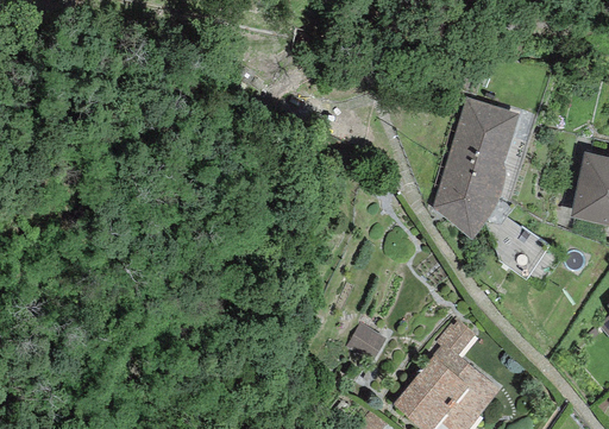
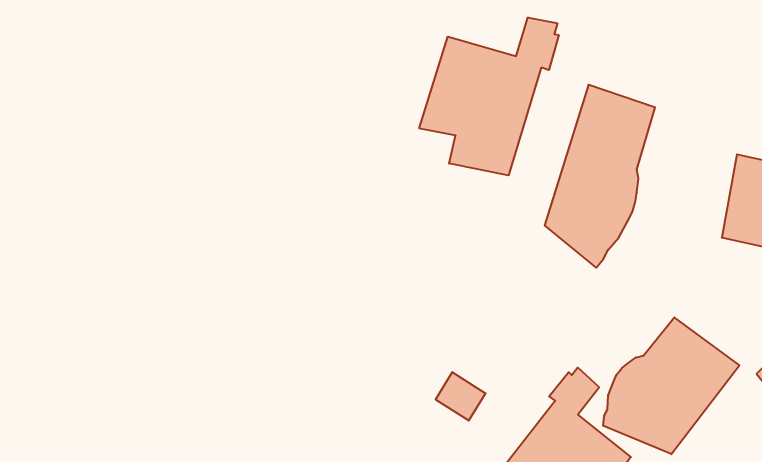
building: none -> [419,17,559,175]
building: none -> [603,317,739,454]

